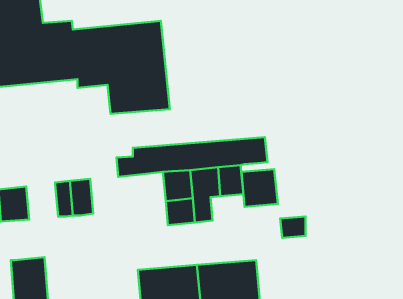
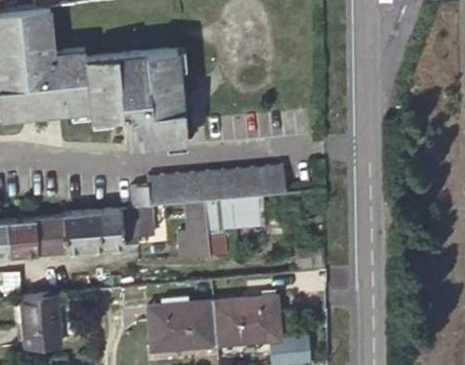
building: [242,169,278,207] -> none
building: none -> [104,207,155,247]
building: none -> [37,217,71,253]

